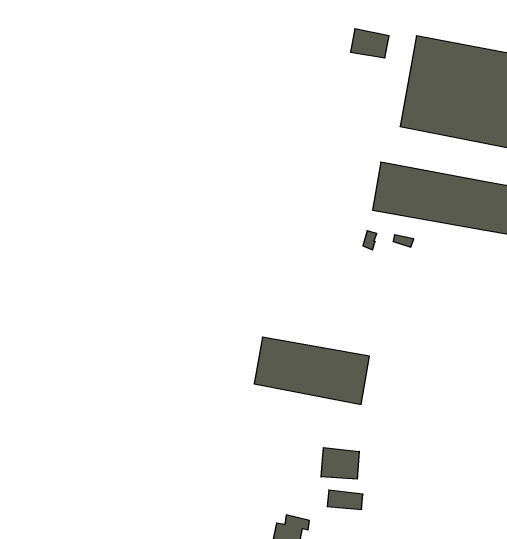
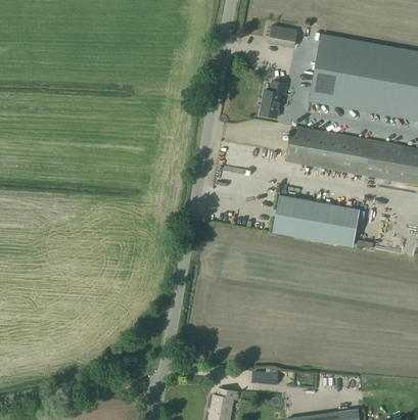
building: none -> [261,80,288,118]
building: [254,337,369,404] -> [274,196,360,246]
building: [321,448,359,479] -> none

